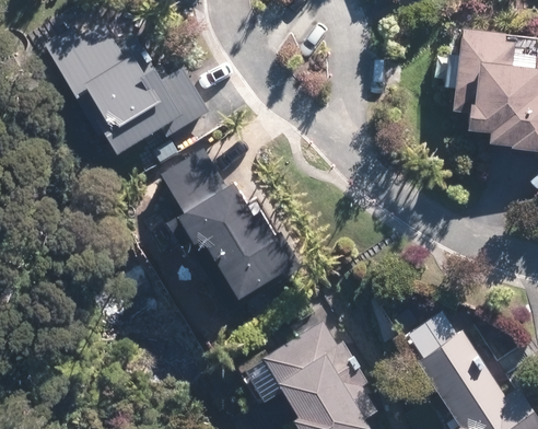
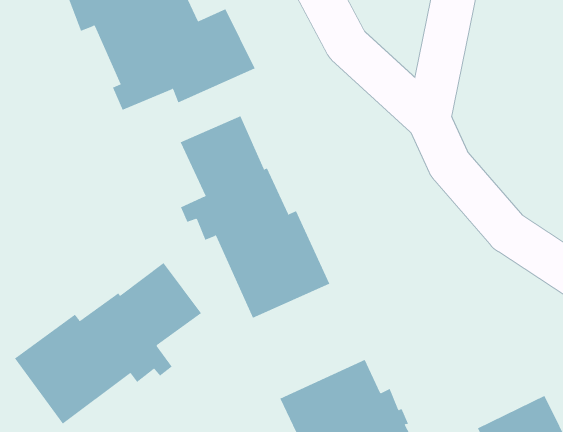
building: none -> [14,262,202,424]

